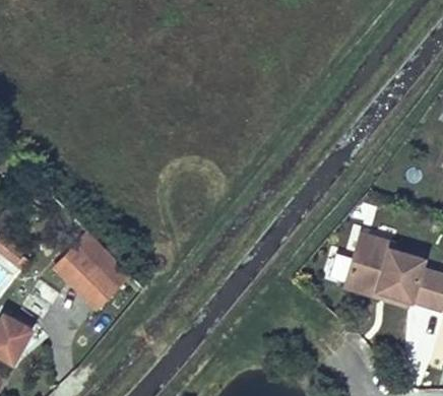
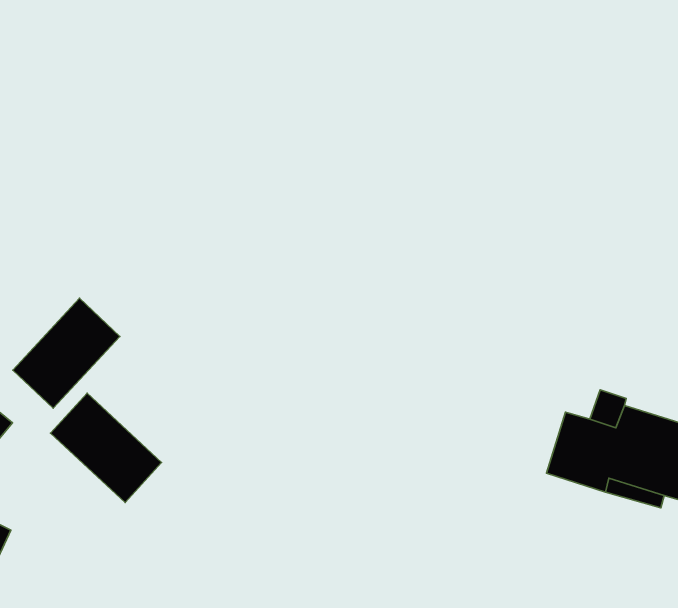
building: none -> [13,298,120,408]

